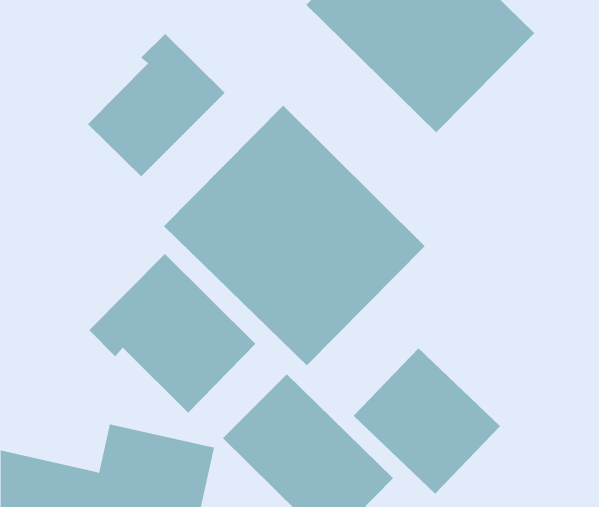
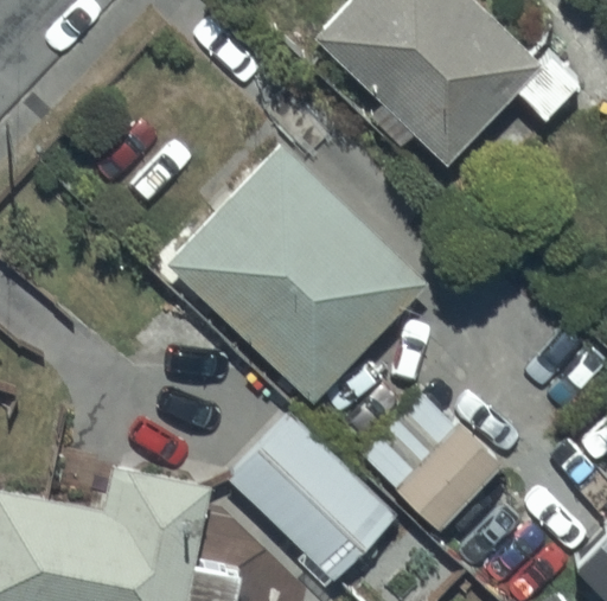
building: [87,33,225,177] -> none
building: [89,253,256,413] -> none

